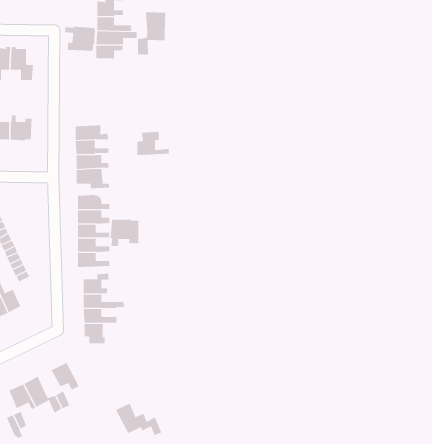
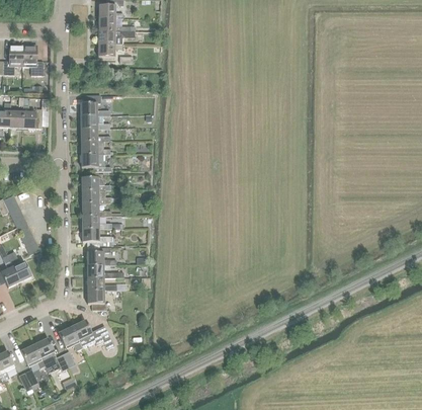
building: [138,11,166,56] -> none
building: [65,26,95,51] -> none
building: [137,131,170,155] -> [79,94,108,115]
building: [110,219,139,247] -> none
building: [115,403,162,436] -> [72,319,113,348]

